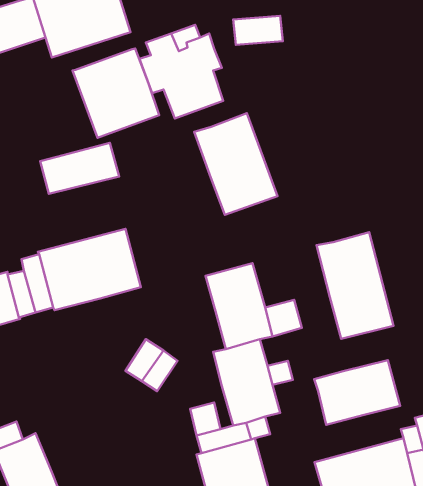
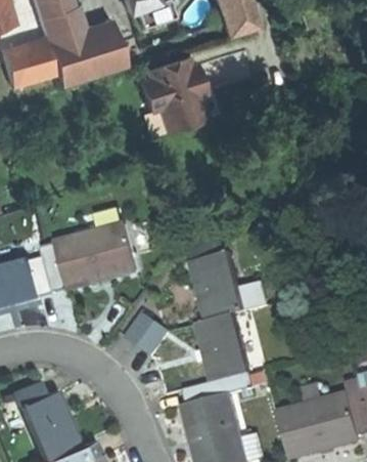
building: [73,48,159,138] -> none
building: [194,113,277,215] -> none
building: [40,143,119,194] -> none
building: [317,232,393,339] -> none
building: [314,360,400,425] -> none

